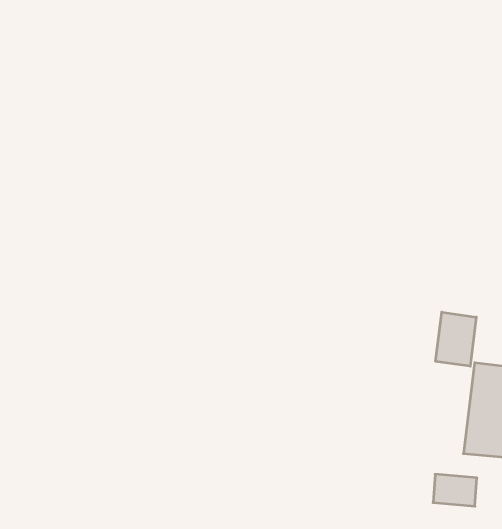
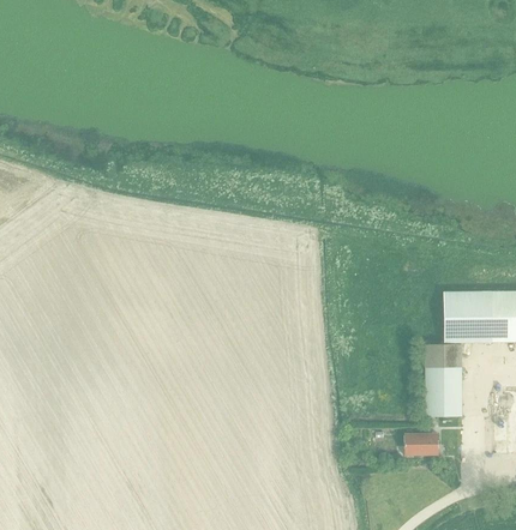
building: [436,312,476,366] -> none

